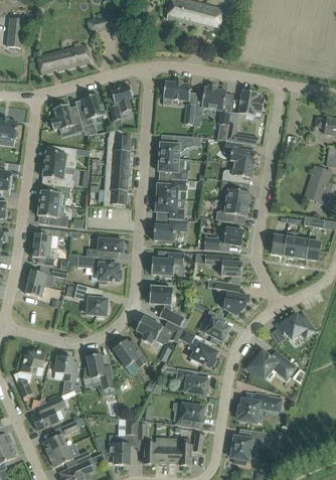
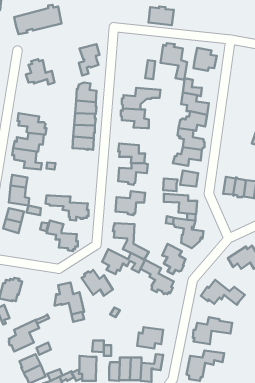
building: [163,79,191,101] -> [149,6,174,25]
building: [78,94,105,135] -> none
building: [42,146,76,168] -> none
building: [155,179,186,199] -> none
building: [96,235,125,259] -> none
building: [54,353,79,382] -> none
building: [164,366,209,394] -> none

